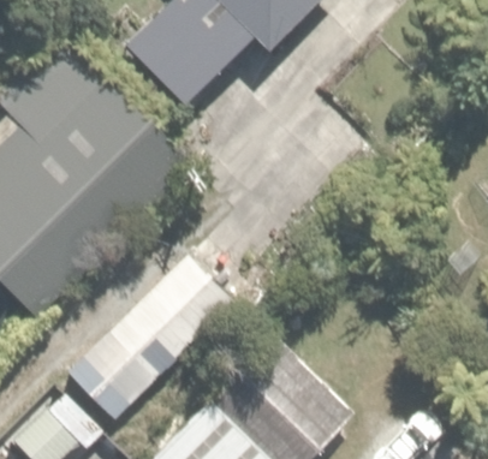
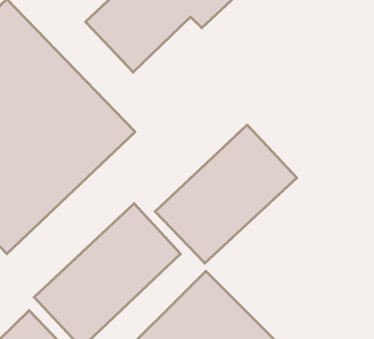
building: none -> [155,125,297,263]

